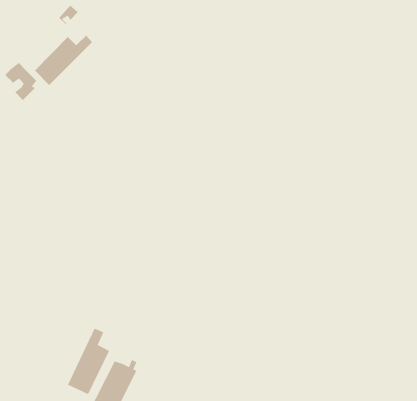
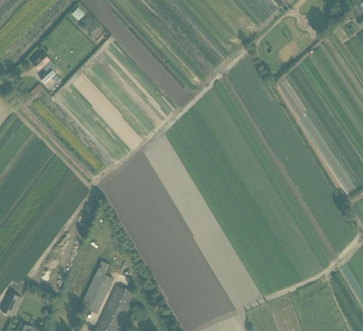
building: [34,35,93,86] -> none

